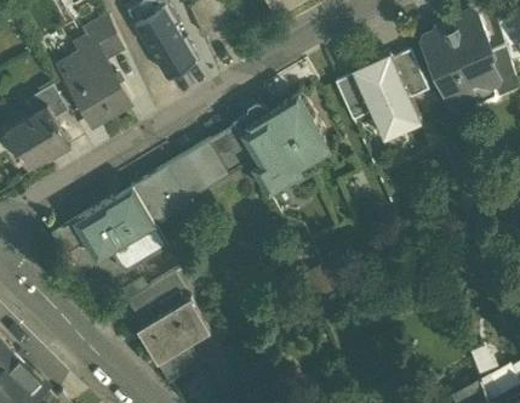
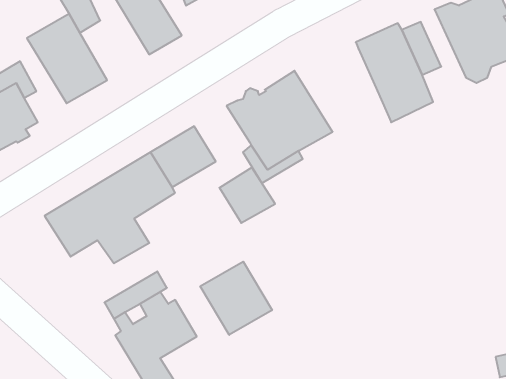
building: [335,74,371,120] -> none
building: [207,125,257,175] -> [219,167,275,223]
building: none -> [200,262,272,335]

